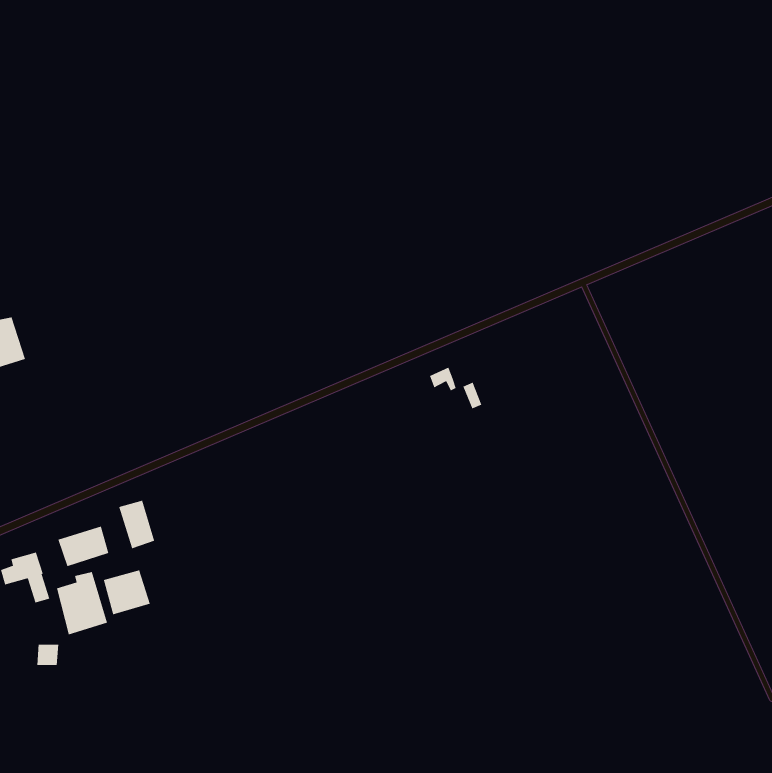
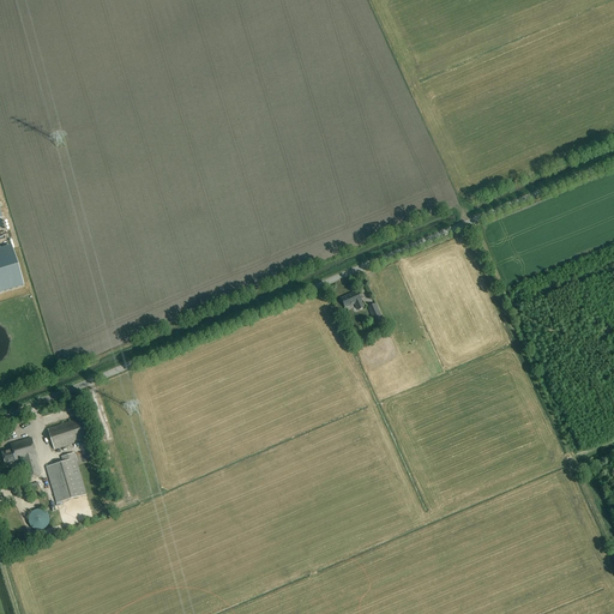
building: [119,500,155,549] -> none
building: [103,569,151,615] -> none

